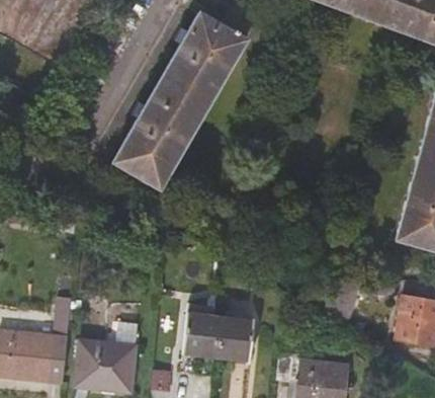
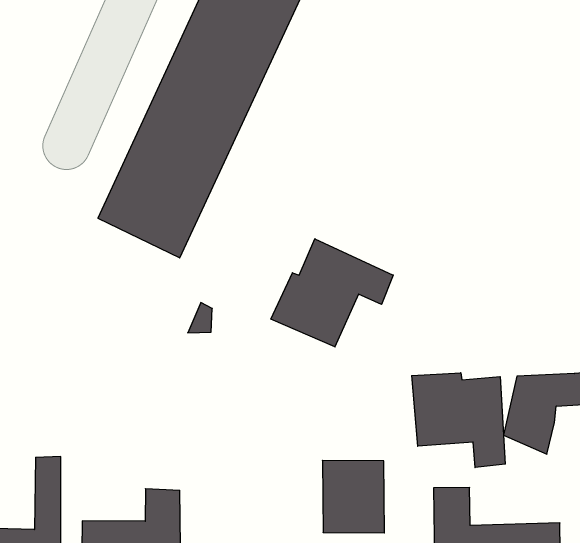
building: none -> [271,239,393,347]
building: none -> [412,373,505,468]
building: [182,305,220,359] -> none

